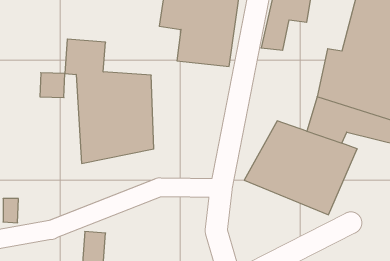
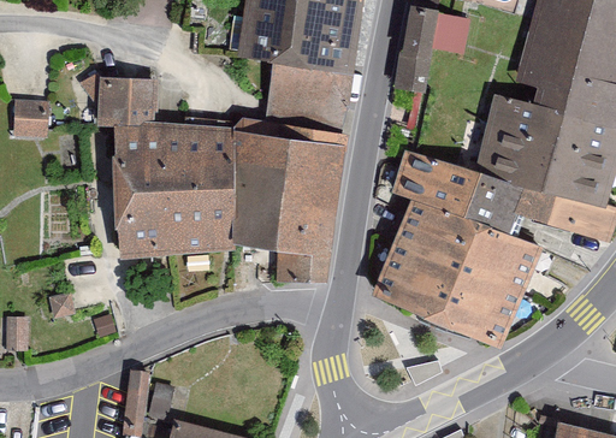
building: [40,73,65,98] -> [13,100,51,137]
building: none -> [230,132,344,278]
building: none -> [386,142,479,217]

